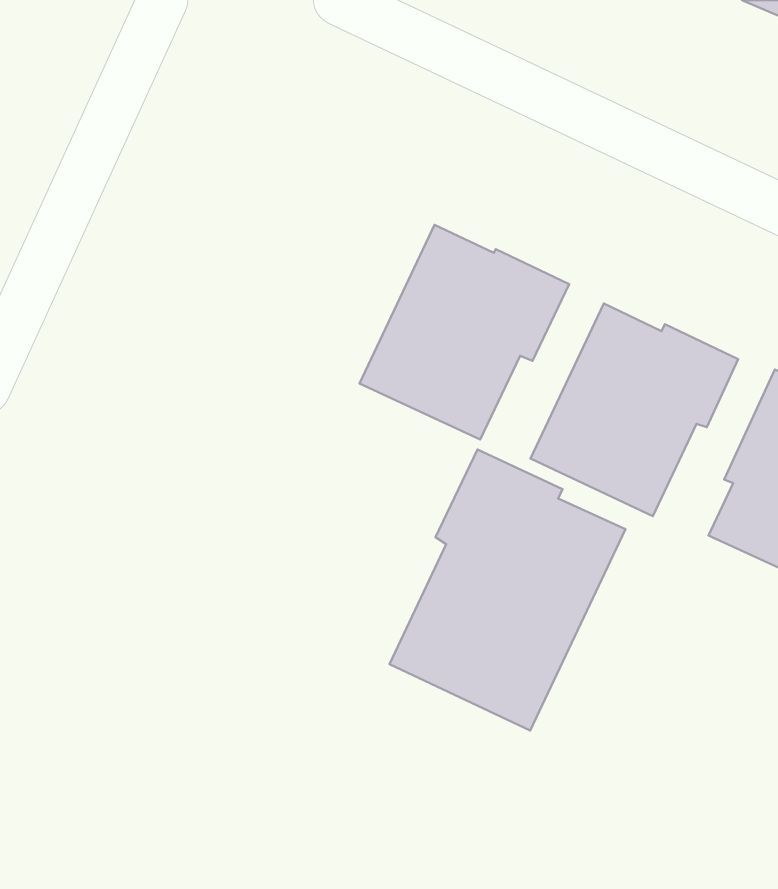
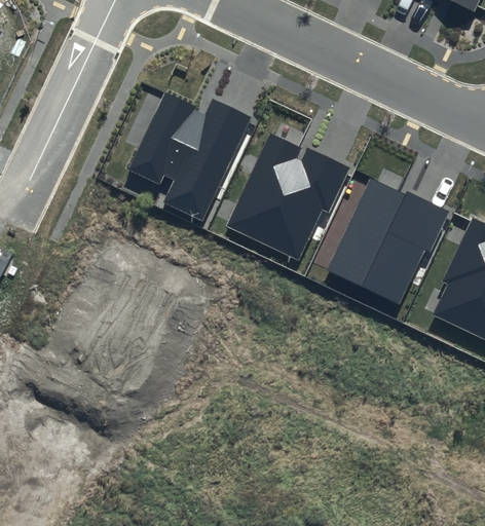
building: none -> [126,93,252,222]
building: [389,450,625,731] -> none

